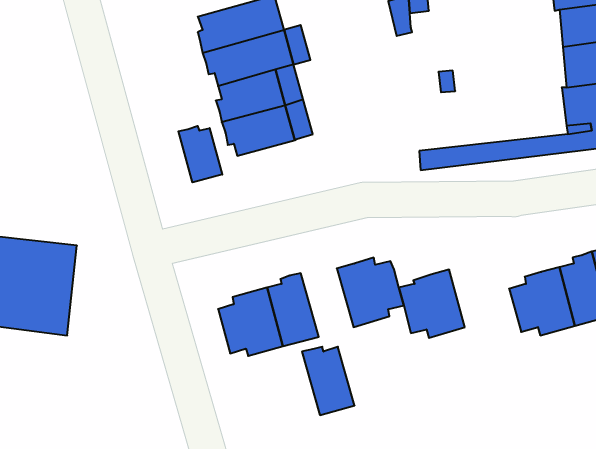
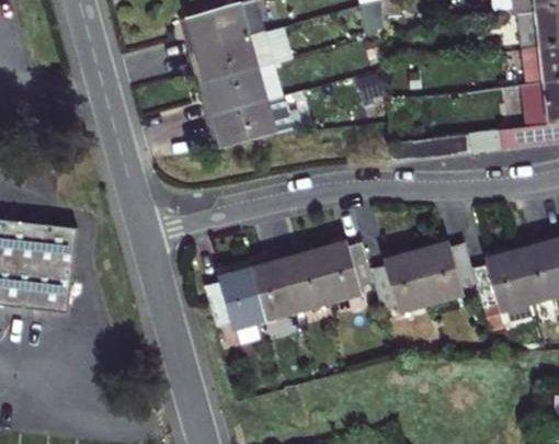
building: [178,126,222,182] -> none
building: none -> [417,242,476,304]
building: [302,347,355,415] -> [281,250,329,312]

